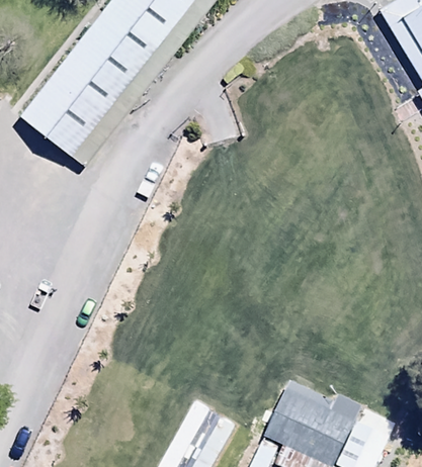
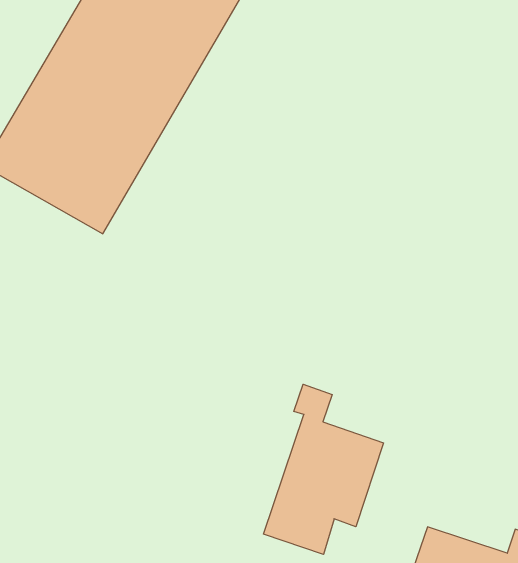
building: none -> [263,384,384,554]

